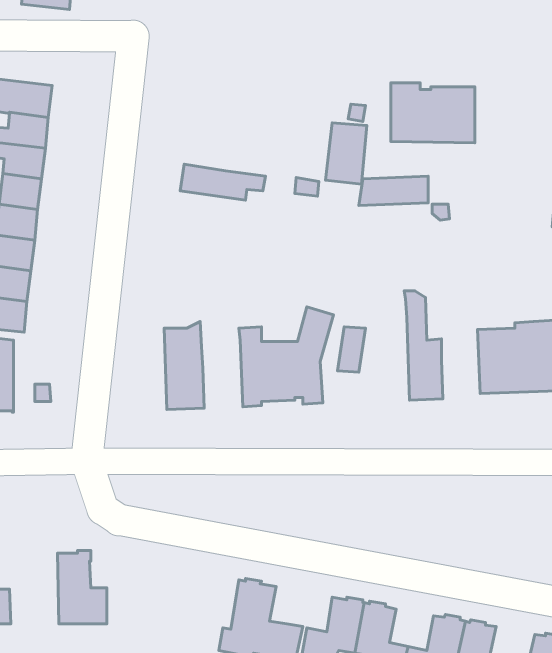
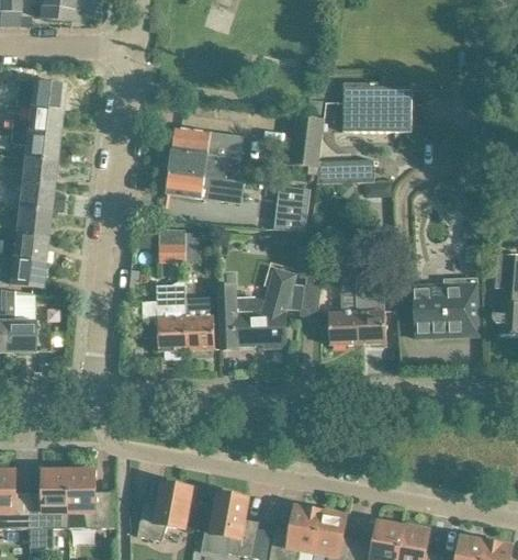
building: none -> [173,127,244,159]
building: none -> [167,171,245,203]
building: none -> [273,186,311,231]
building: none -> [160,228,187,262]
building: none -> [329,260,359,345]
building: none -> [188,299,215,350]
building: none -> [30,468,70,547]
building: none -> [138,482,193,540]

